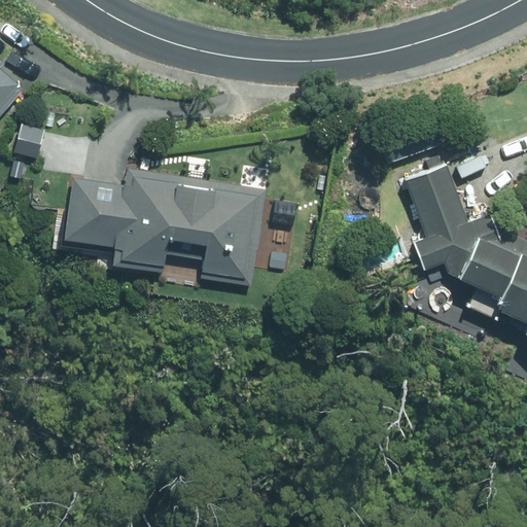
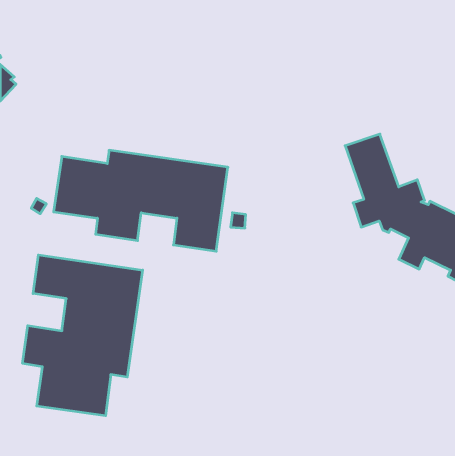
building: none -> [23,255,143,416]

